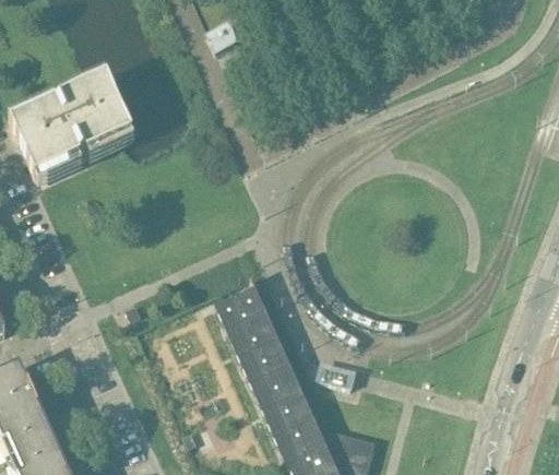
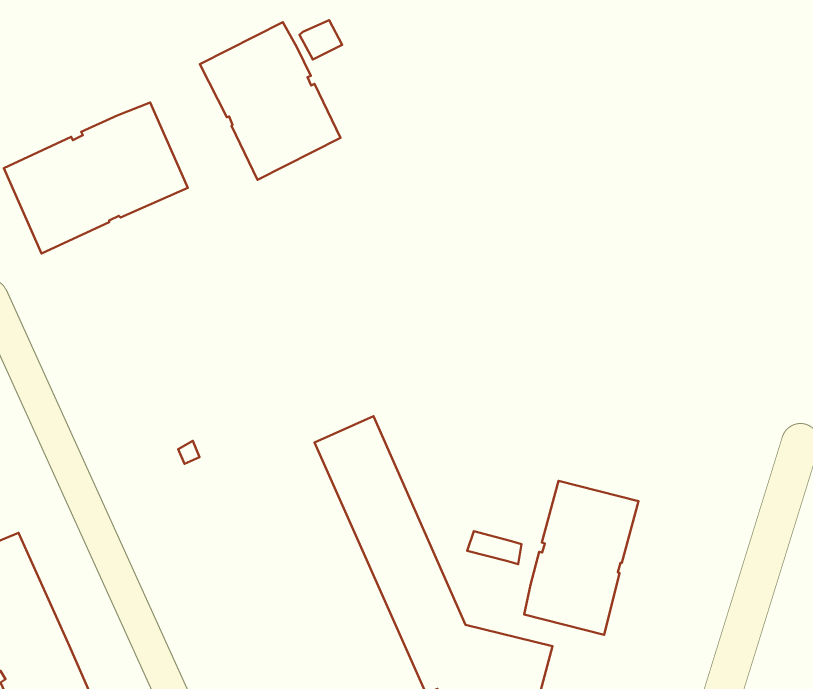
building: none -> [200,22,341,180]
building: none -> [524,481,639,635]

